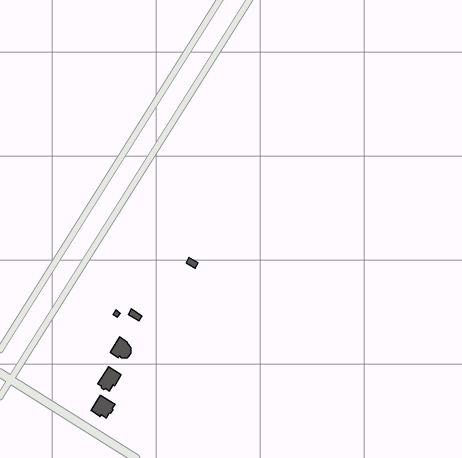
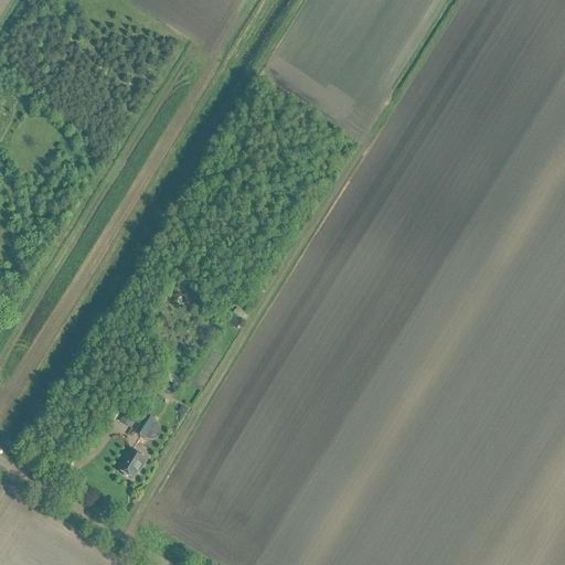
building: [91,395,115,418] -> none

